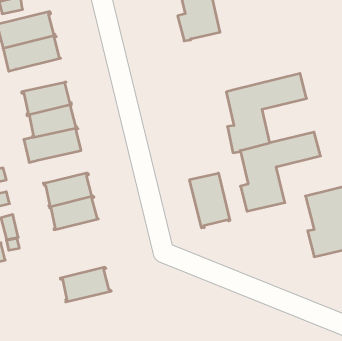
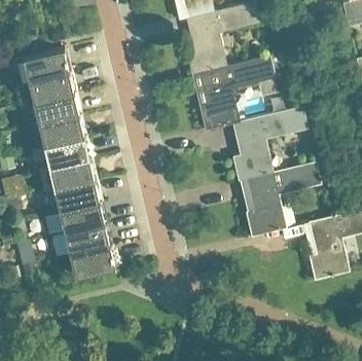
building: none -> [197,56,275,131]
building: none -> [32,92,79,123]
building: none -> [52,179,99,210]
building: [190,173,230,228] -> none
building: [60,267,111,302] -> [68,244,116,277]

